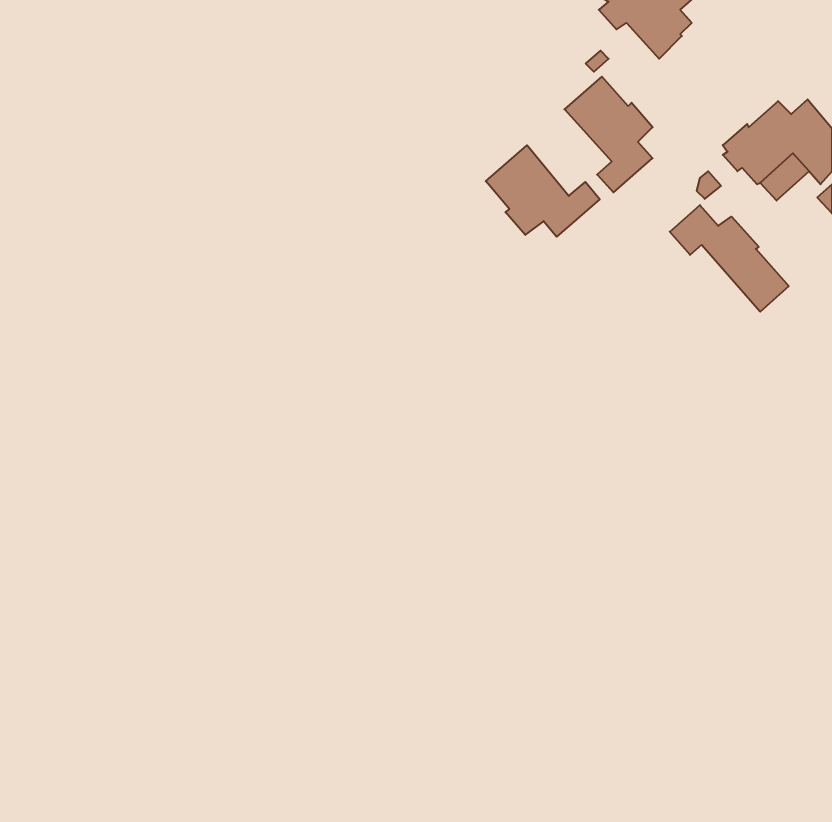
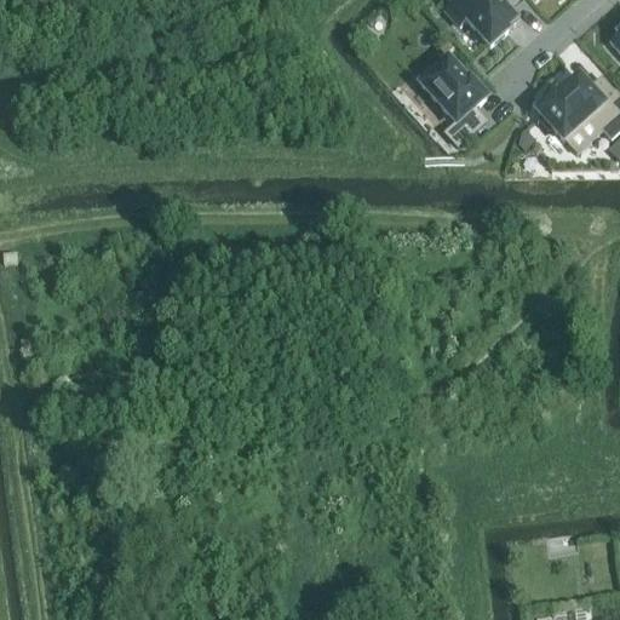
building: [486,145,600,237] -> none
building: [670,205,789,312] -> none

